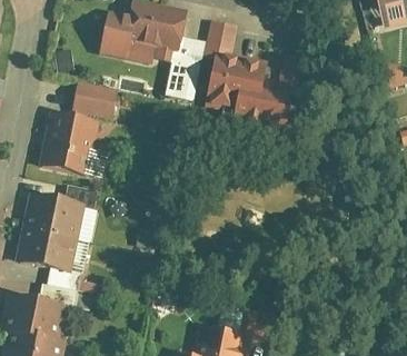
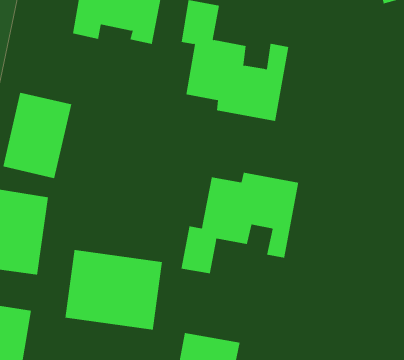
building: [66,79,113,118] -> none
building: none -> [181,172,299,274]
building: none -> [65,249,163,330]

